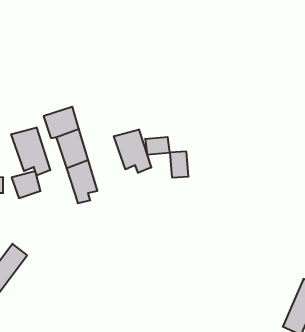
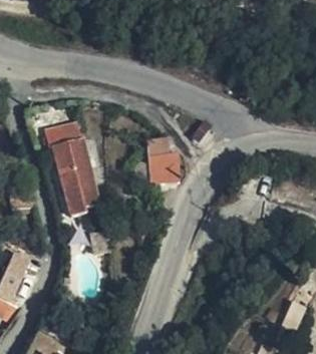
building: [11,127,50,176] -> none
building: [114,129,151,173] -> none

